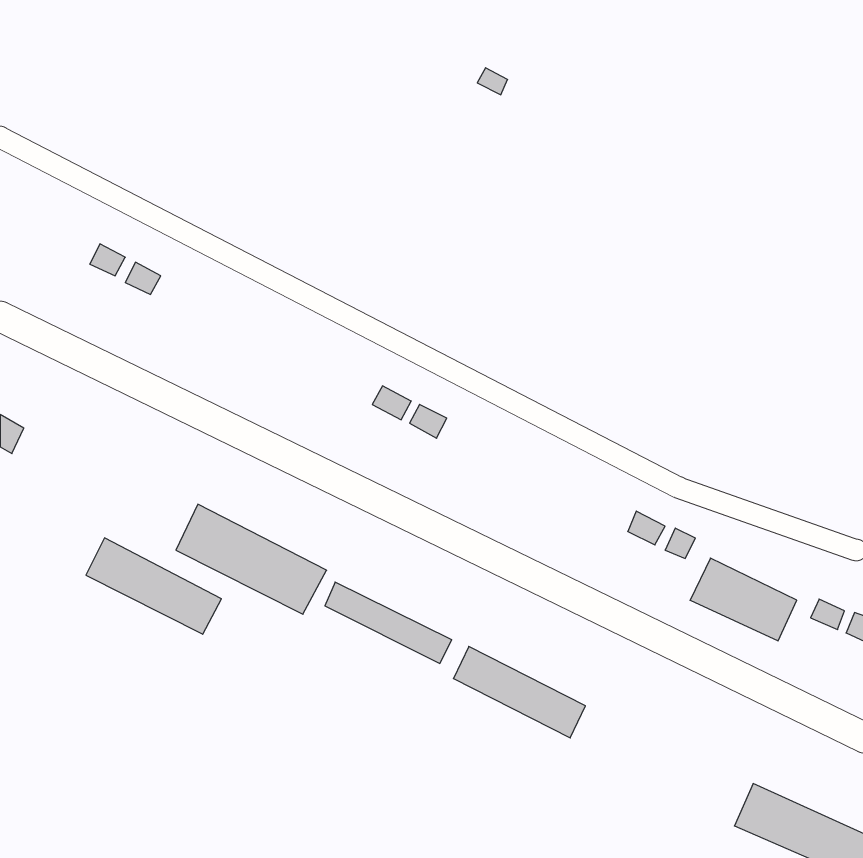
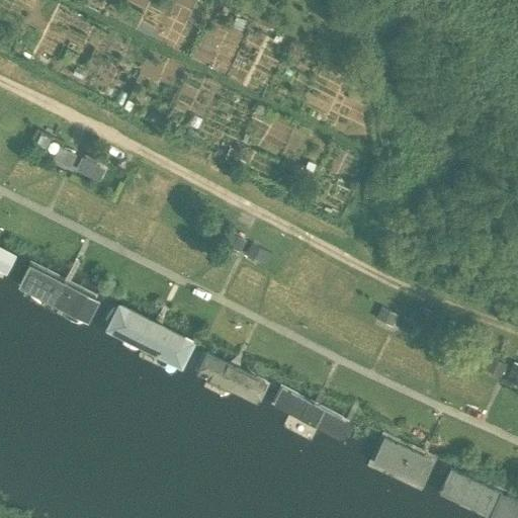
building: [86,538,221,634] -> [19,265,100,323]
building: [690,558,797,641] -> [371,439,435,489]

